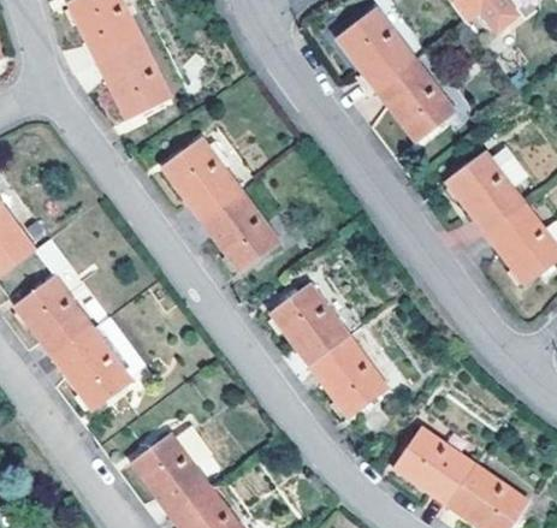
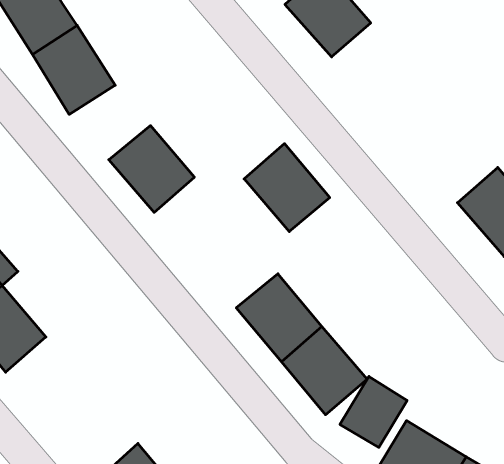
building: [375,58,452,137] -> none
building: [445,149,522,230] -> none
building: [201,189,279,271] -> [244,144,330,232]
building: [53,327,131,409] -> none
building: none -> [340,376,407,447]

